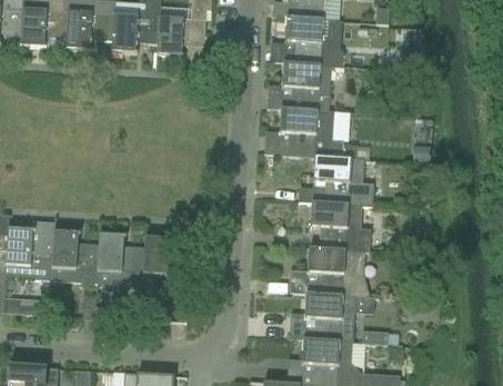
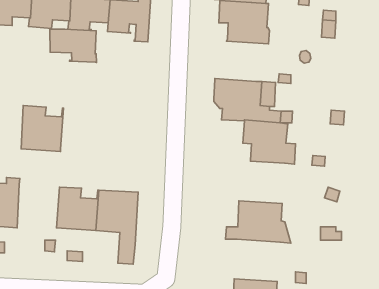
building: none -> [50,29,97,62]
building: [266,61,343,110] -> none
building: [308,200,371,251] -> none
building: [51,229,100,283] -> [21,105,64,152]
building: [289,293,355,342] -> none

